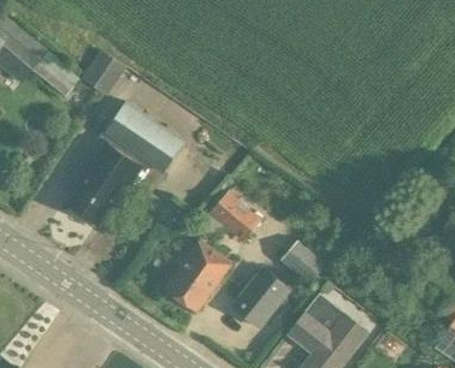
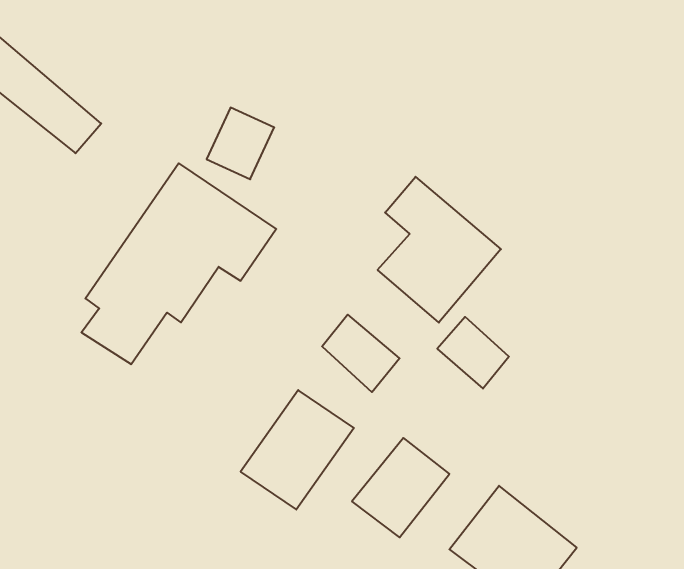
building: [84,48,125,91] -> [207,108,274,179]
building: none -> [378,177,501,323]
building: [280,241,324,284] -> [437,317,509,389]

